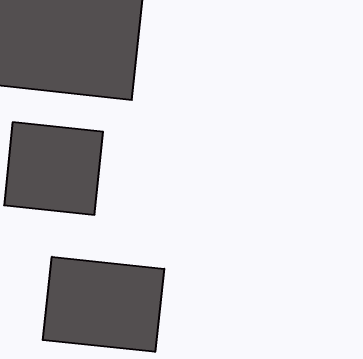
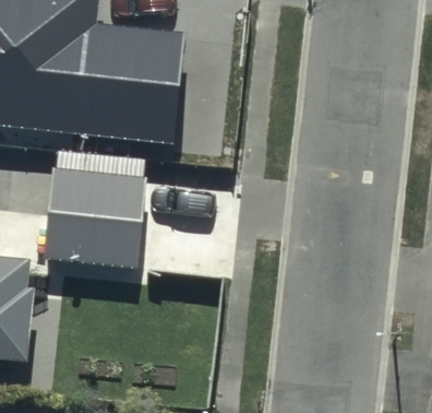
building: [43,257,164,352] -> none

